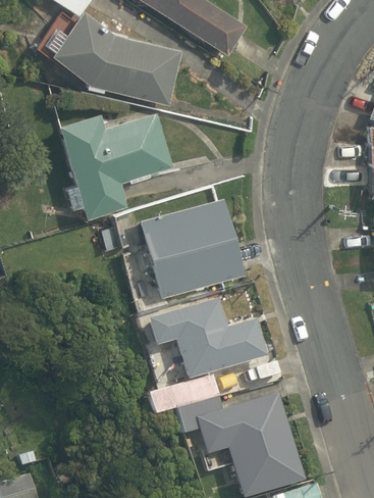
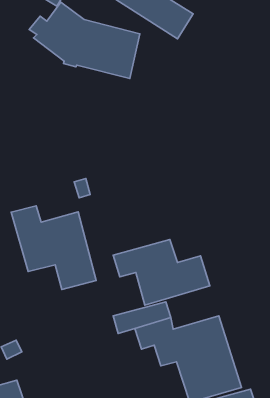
building: [60,111,174,217] -> none
building: [142,196,247,296] -> none
building: none -> [11,206,96,289]

